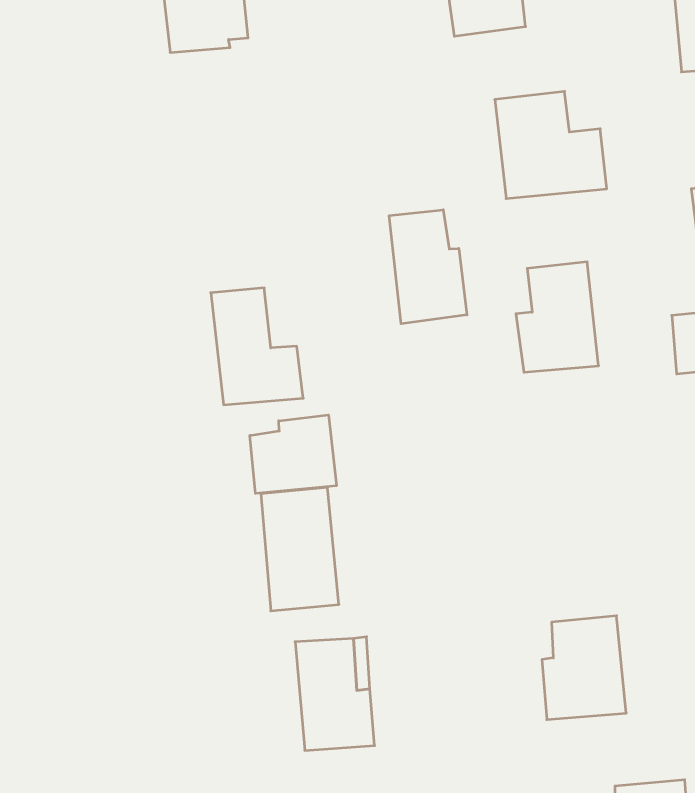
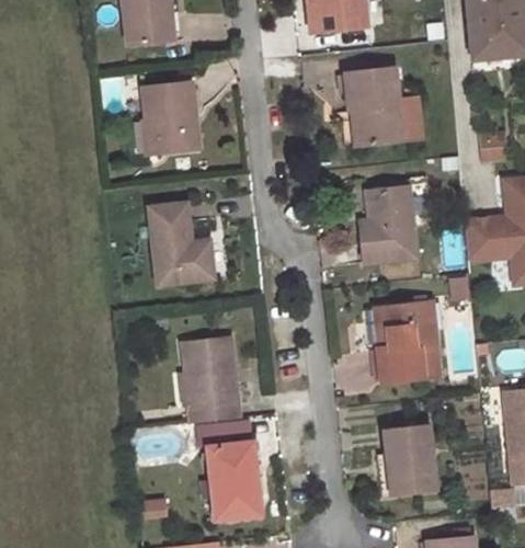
building: none -> [139,82,195,150]
building: [389,210,467,324] -> none
building: [250,415,336,493] -> none
building: none -> [377,302,438,383]

